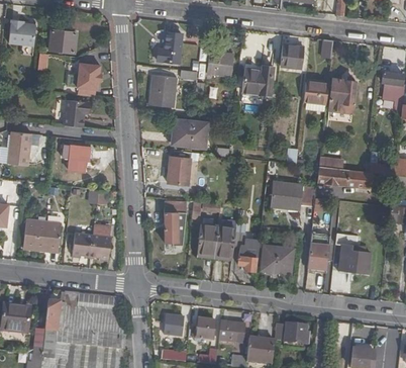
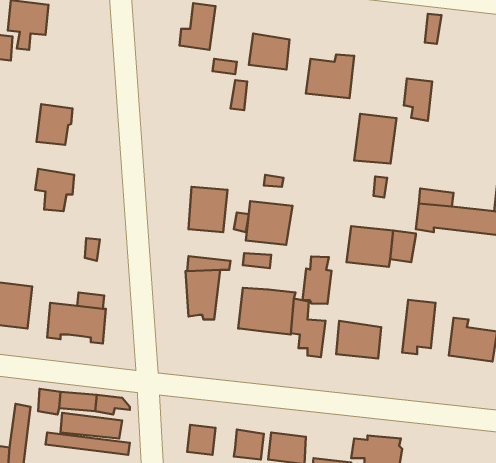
building: [281,47,303,69] -> none
building: [75,65,99,97] -> none
building: [149,75,177,106] -> none
building: [328,79,357,112] -> [354,114,396,163]
building: [175,120,206,150] -> [246,201,292,245]
building: none -> [303,256,331,304]

